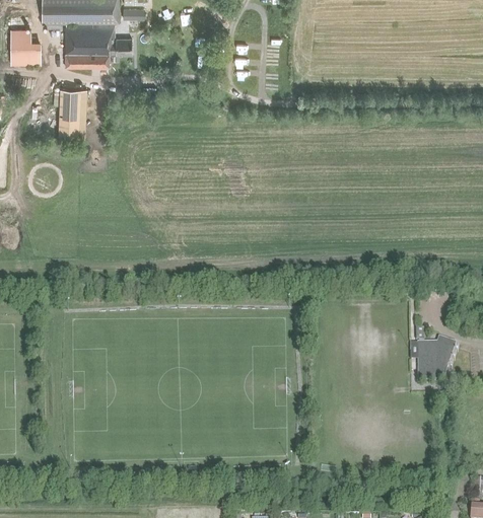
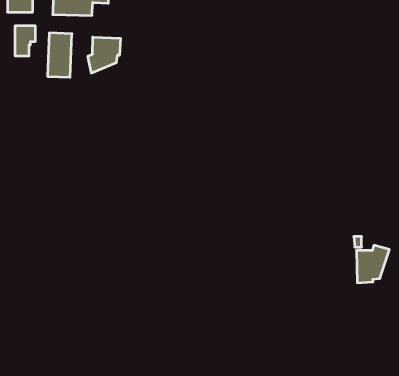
building: none -> [15,26,35,56]
building: none -> [88,37,120,73]

